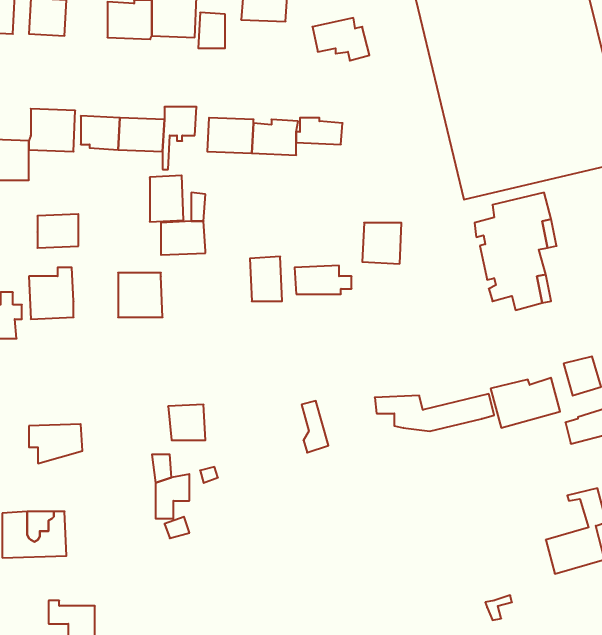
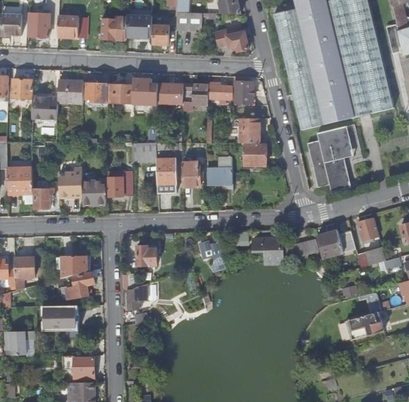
building: none -> [234,82,252,104]
building: [150,175,184,222] -> [156,158,175,184]
building: none -> [230,119,259,143]
building: [37,214,78,248] -> [82,186,105,205]
building: none -> [67,273,95,299]

